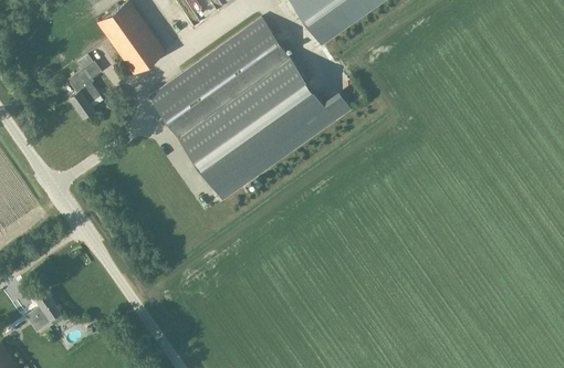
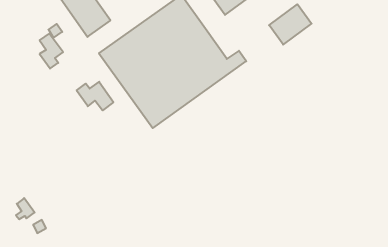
building: none -> [269,4,312,45]
building: none -> [77,82,113,110]

